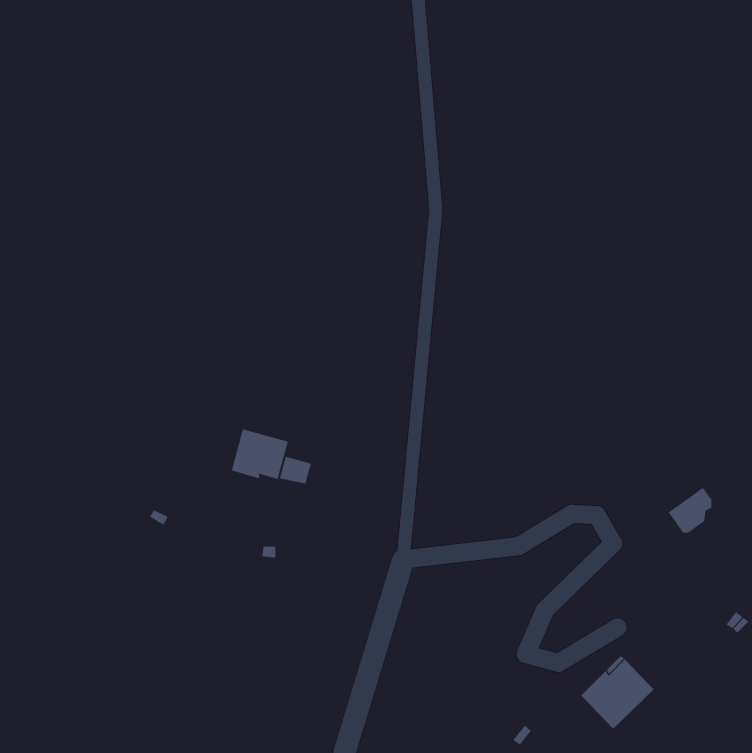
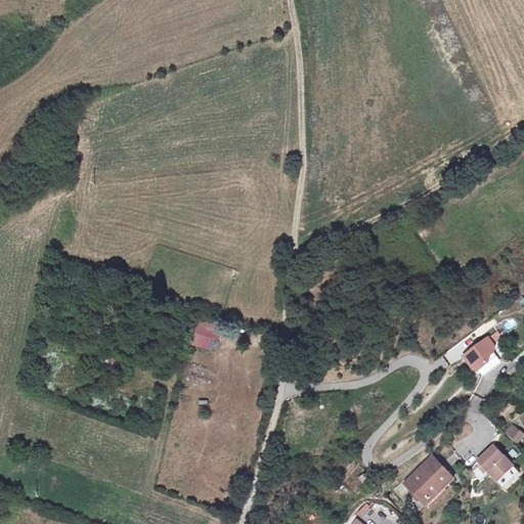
building: [231,429,288,480] -> none
building: none -> [478,446,512,480]

